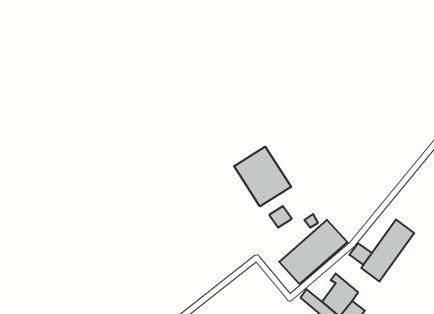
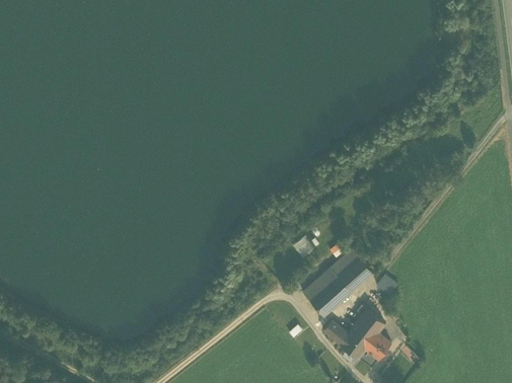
building: [234,147,291,206] -> none
building: [361,219,414,282] -> none

